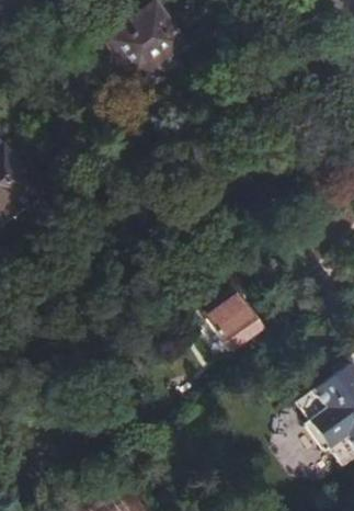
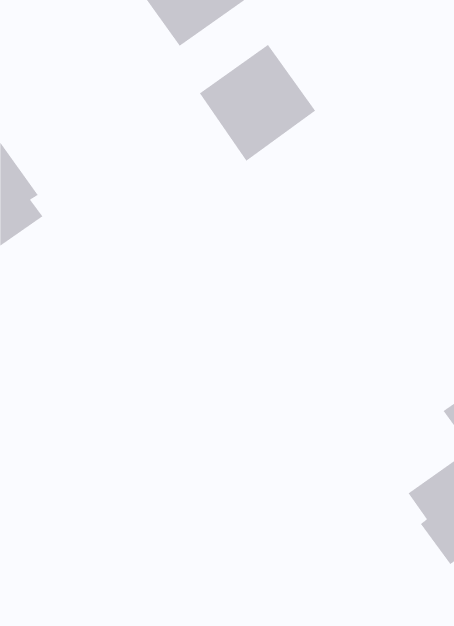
building: none -> [199,44,316,162]
building: [202,288,260,351] -> none

